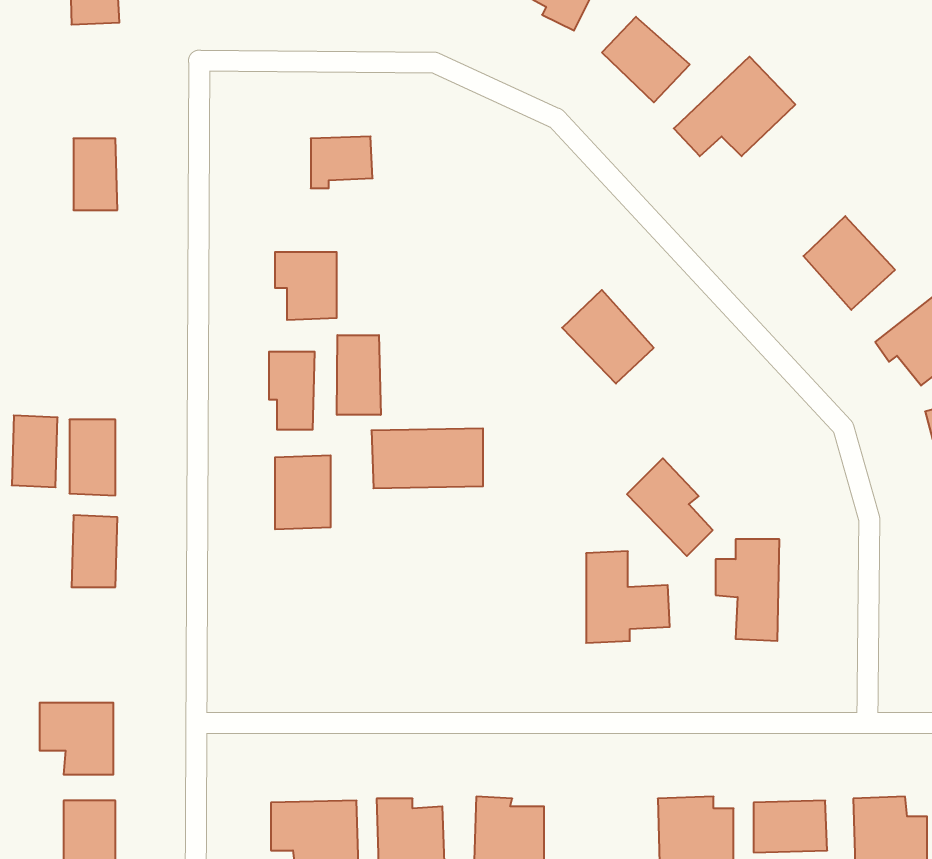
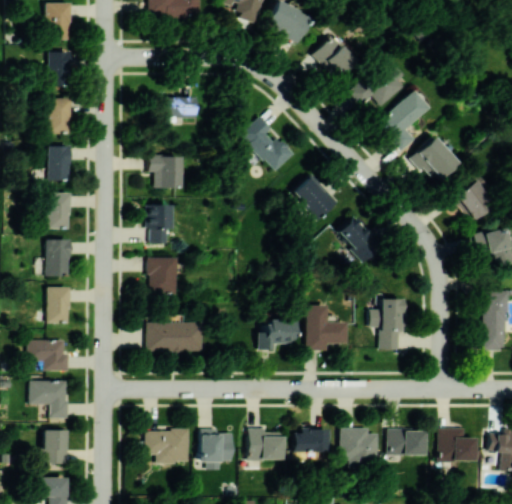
building: none -> [48,52,69,87]
building: none -> [379,91,432,151]
building: none -> [242,117,296,172]
building: none -> [47,146,69,181]
building: [337,335,381,415] -> none
building: [12,415,58,487] -> [47,193,70,229]
building: [371,428,483,488] -> [146,322,202,352]
building: [627,458,713,556] -> [337,215,380,264]
building: none -> [258,321,293,350]
building: none -> [29,340,69,371]
building: none -> [295,429,330,453]

